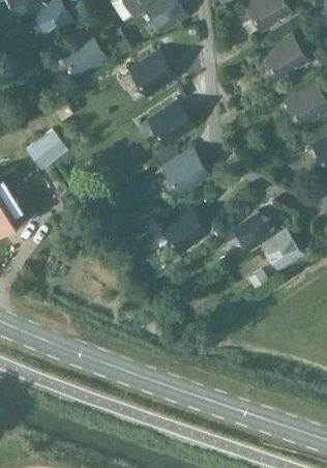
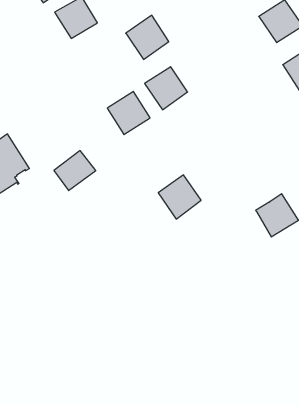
building: [25,129,66,169] -> [54,151,96,191]
building: [164,150,206,193] -> [107,91,150,135]
building: [231,211,272,254] -> none

